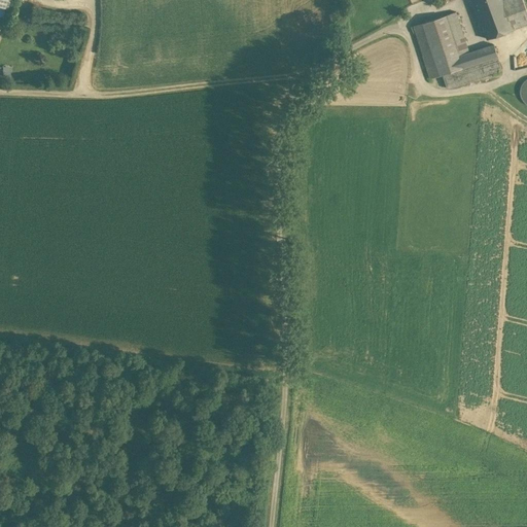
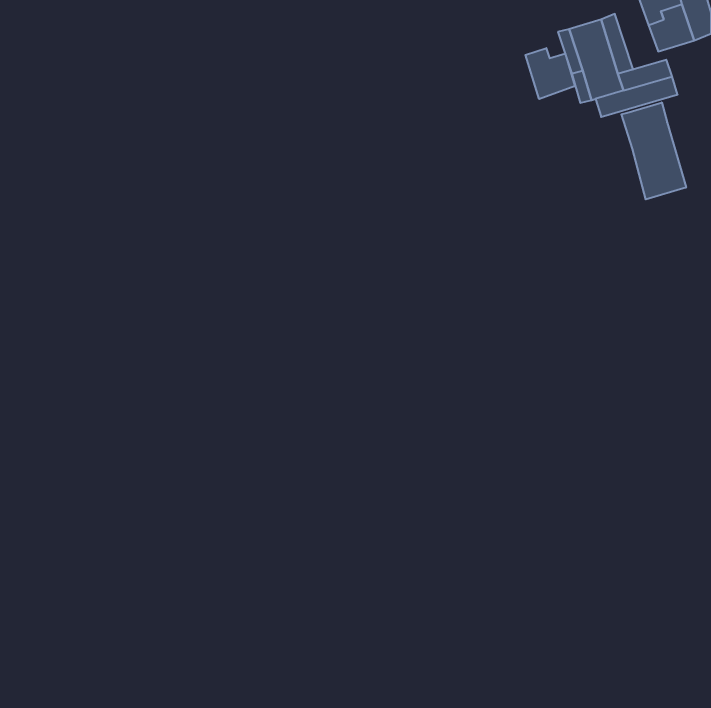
building: none -> [525,48,575,99]
building: none -> [621,102,686,199]

